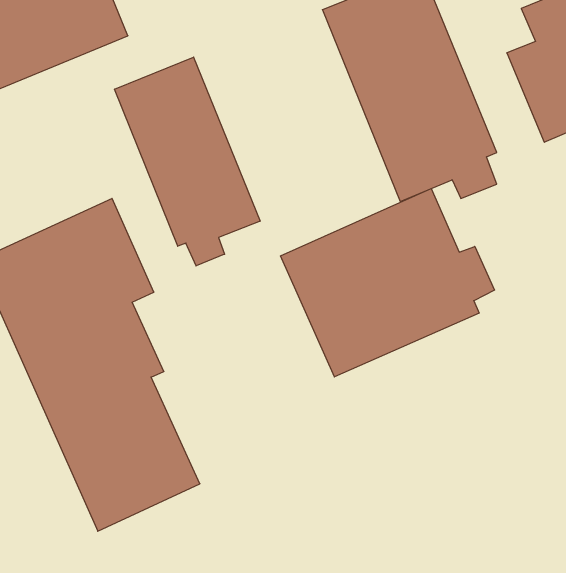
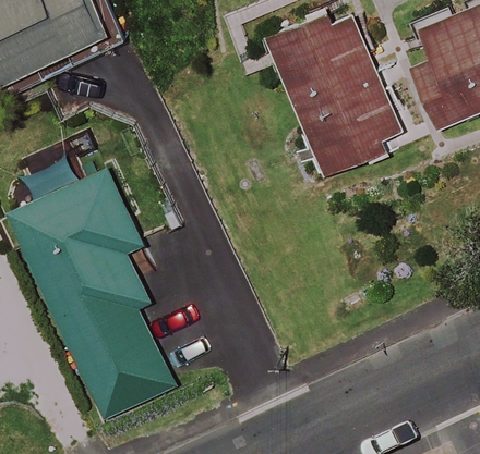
building: [115,57,260,266] -> none
building: [280,189,494,377] -> none

